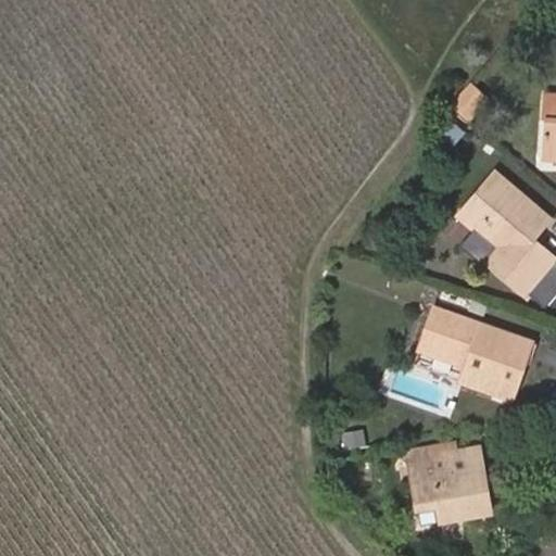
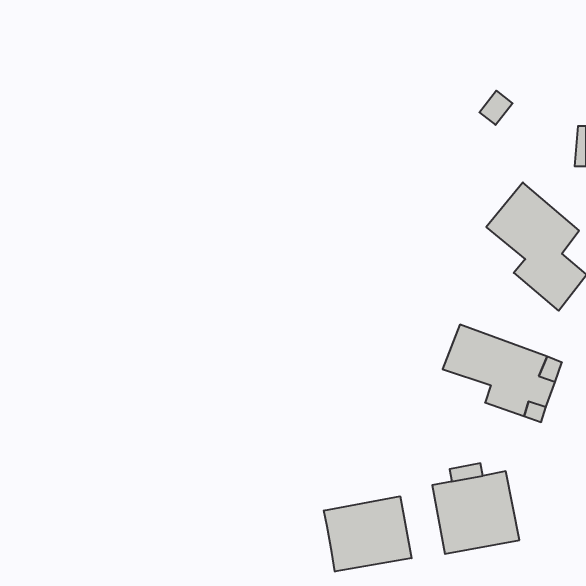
building: none -> [324,496,412,572]

